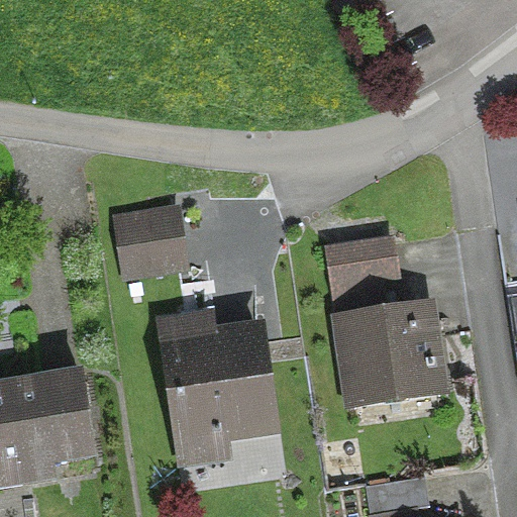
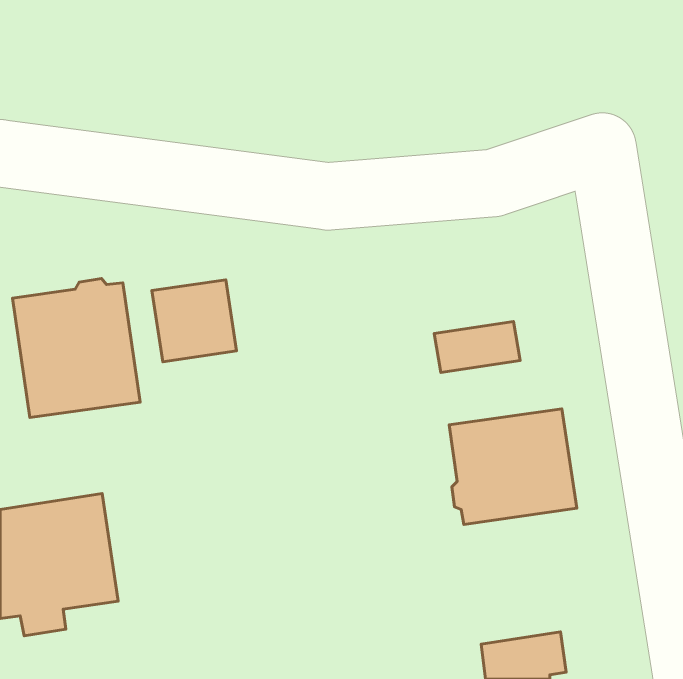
building: none -> [13,279,140,417]
building: [166,328,271,438] -> none

